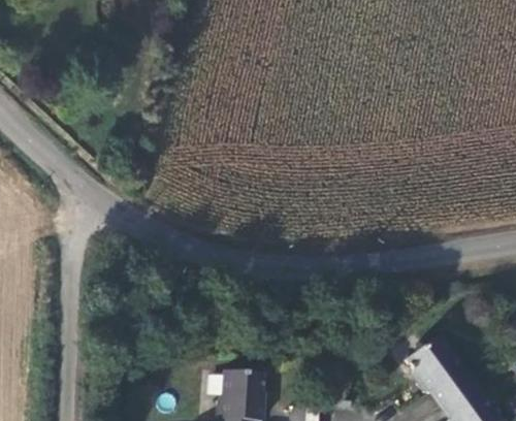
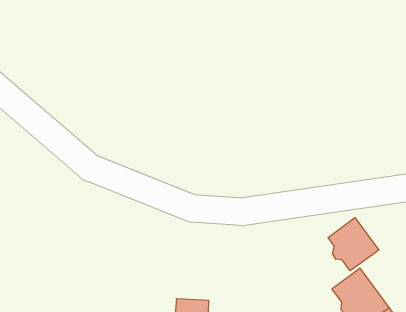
building: none -> [328,218,379,271]

